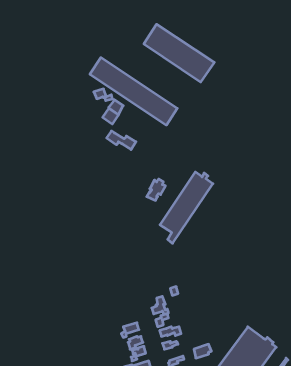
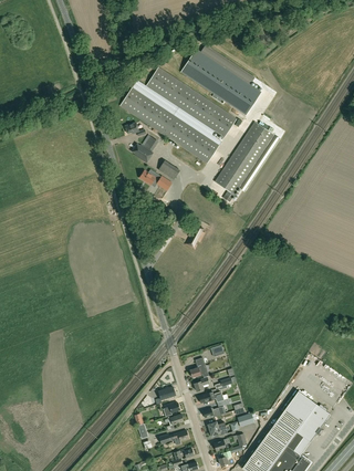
building: none -> [148,70,237,137]
building: [160,172,213,243] -> [215,122,274,202]

